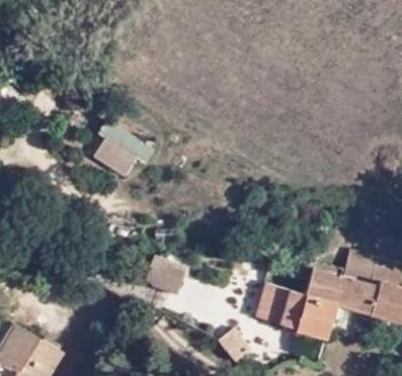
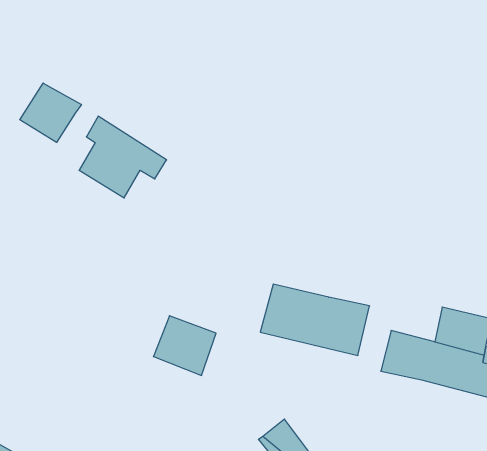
building: none -> [20,83,81,142]
building: [257,286,333,336] -> [260,284,370,355]

